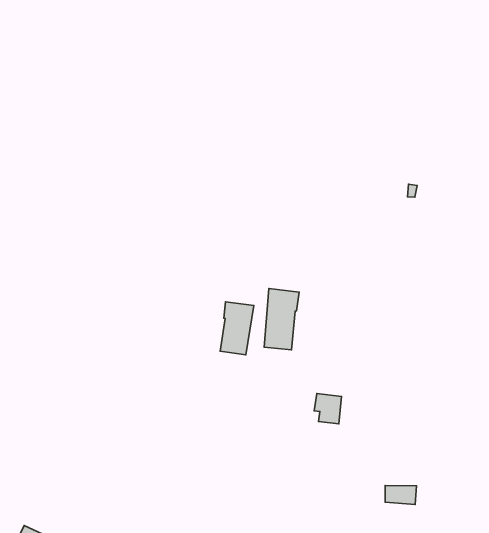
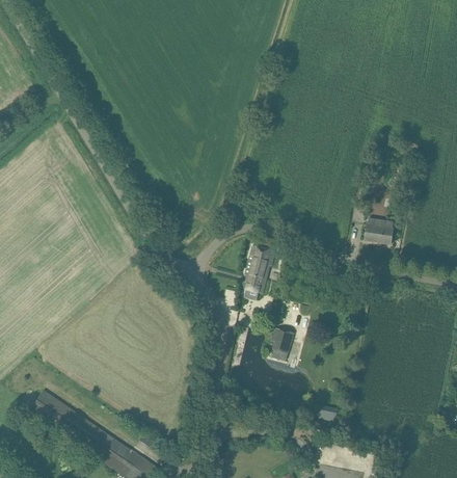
building: none -> [365,218,394,244]
building: [220,302,254,355] -> none

